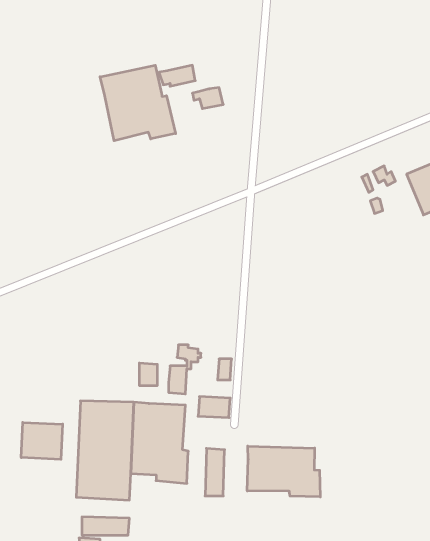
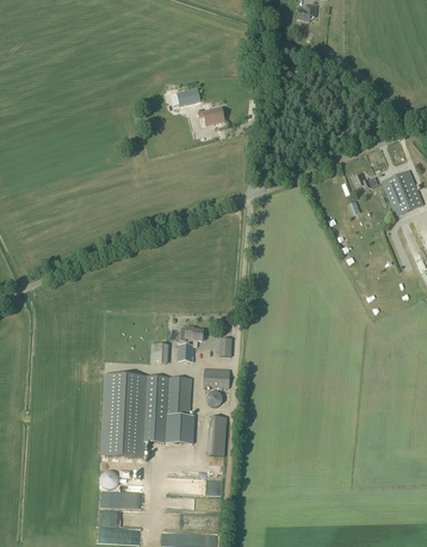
building: [100,65,176,141] -> none
building: [21,422,63,459] -> none
building: [247,446,320,497] -> none

